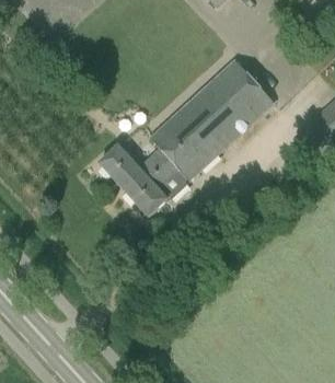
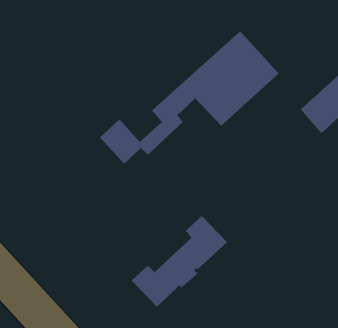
building: [124,126,218,216] -> [131,215,228,308]

